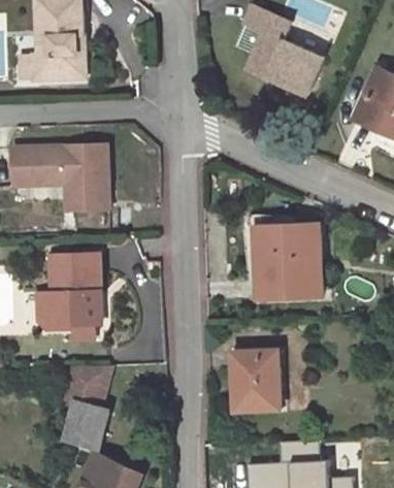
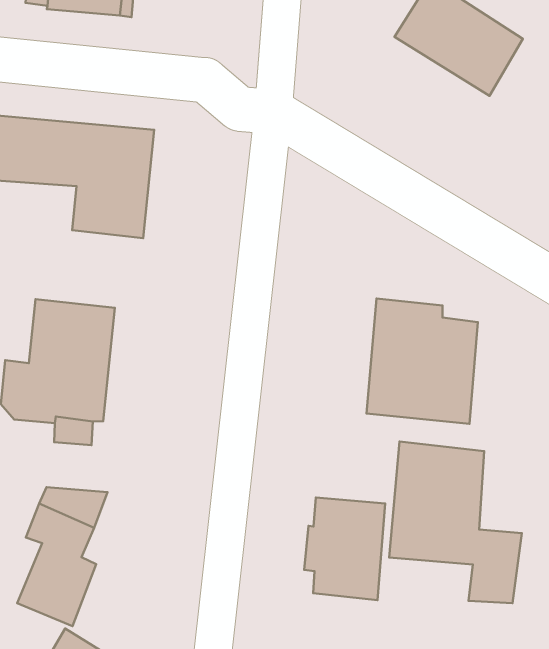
building: none -> [389,442,522,603]

